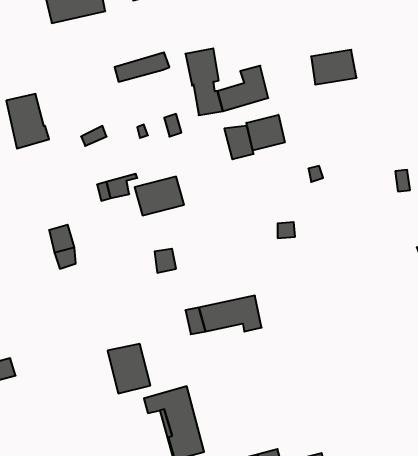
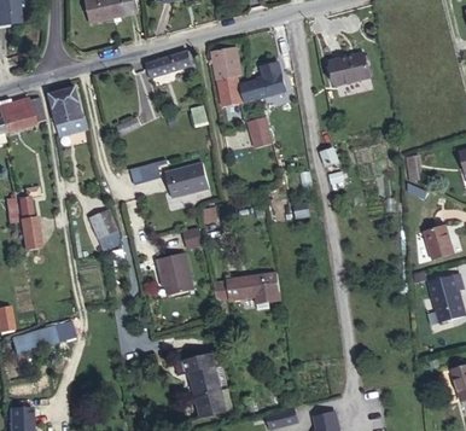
building: [246,115,285,150] -> none
building: [108,344,150,393] -> [152,246,191,291]

